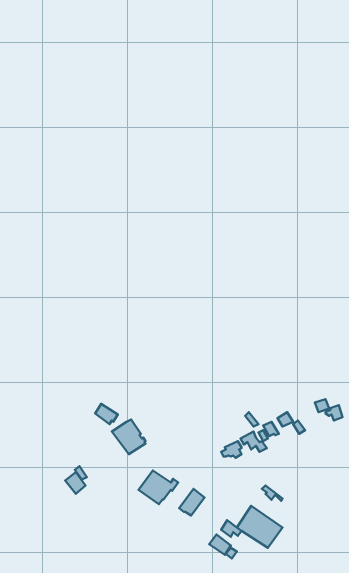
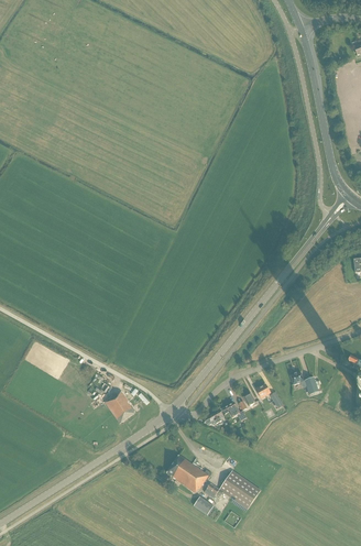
building: [138,471,178,504] -> [176,462,212,493]

